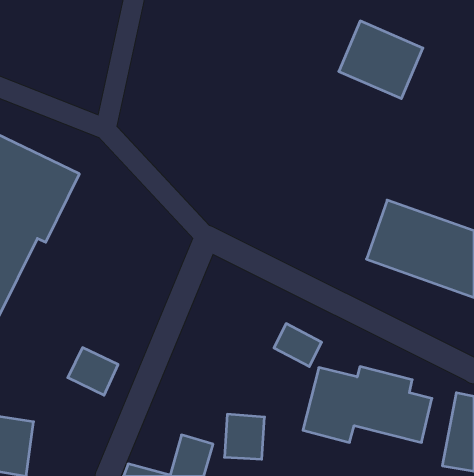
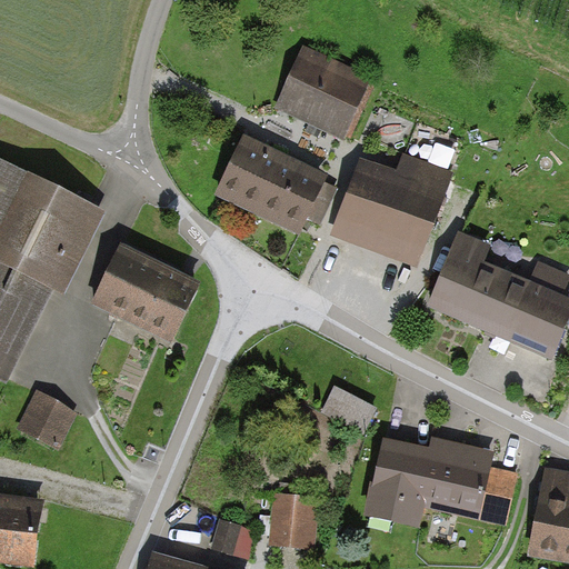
building: [339,21,423,99] -> [281,47,381,139]
building: none -> [228,141,333,234]
building: none -> [340,156,461,267]
building: none -> [91,251,193,340]
building: [68,348,118,395] -> [20,391,80,448]

